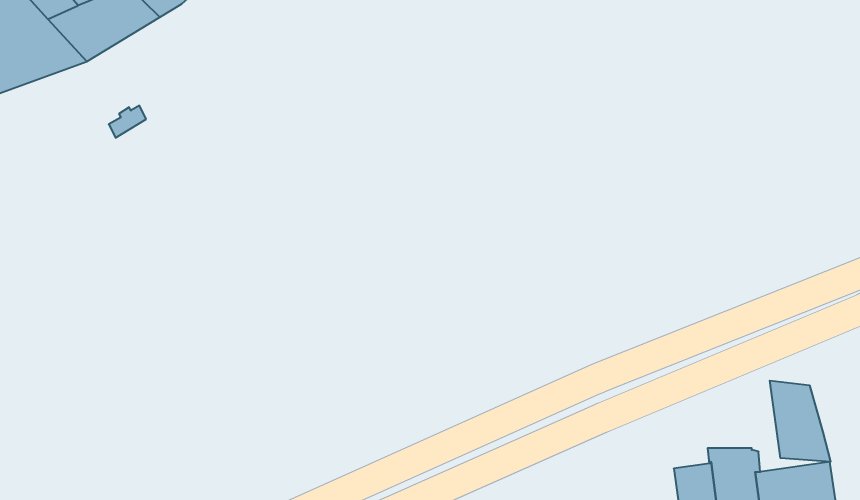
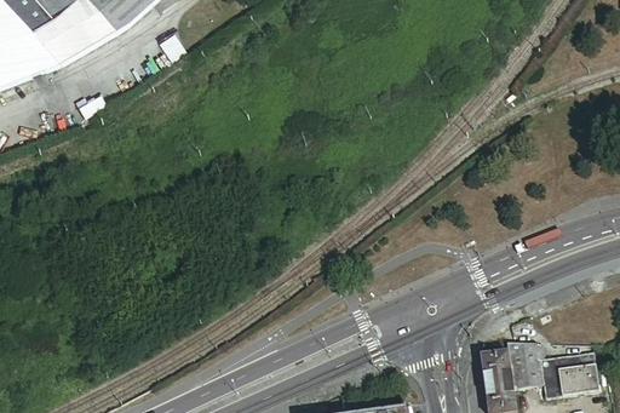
building: [770,381,831,462] -> none

